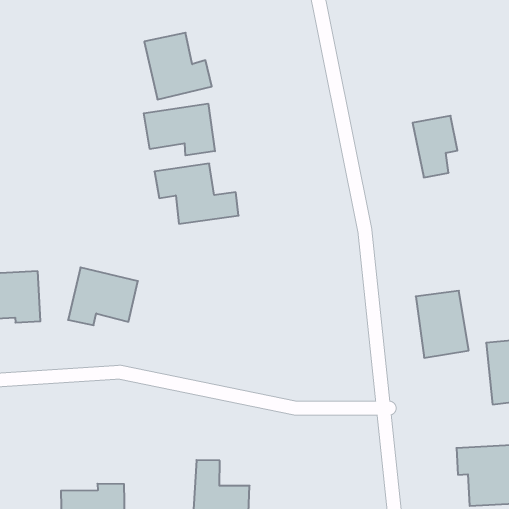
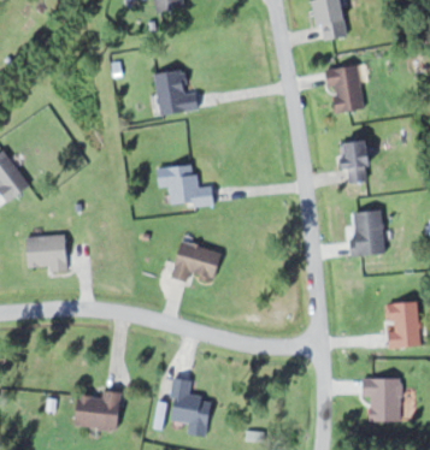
building: none -> [326,64,363,112]
building: [144,104,215,155] -> none
building: [68,267,138,325] -> [170,239,222,282]
building: [416,291,469,358] -> [349,209,385,256]

